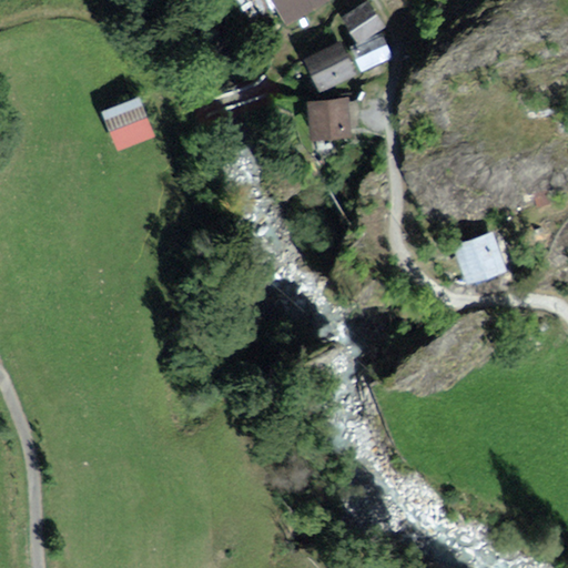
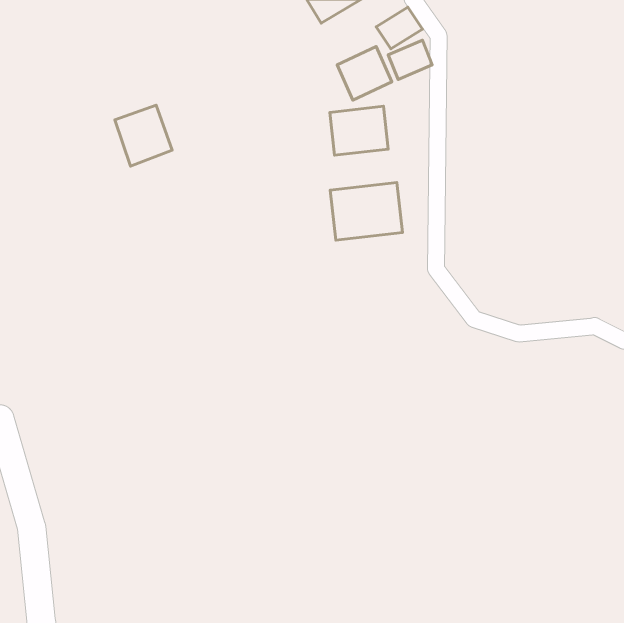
building: none -> [330,182,402,240]
building: [452,233,505,285] -> none

